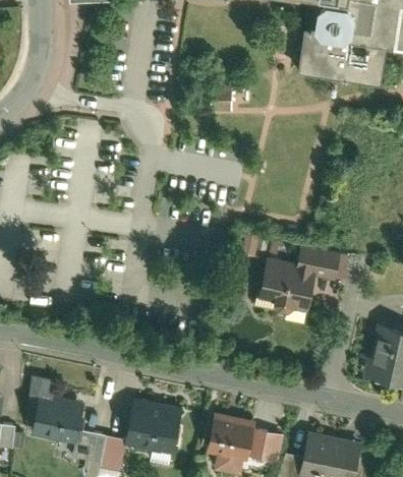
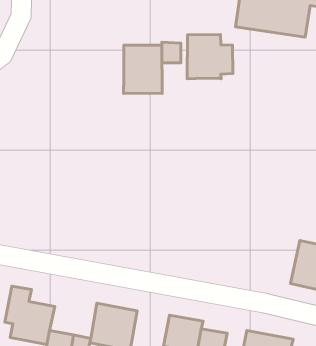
building: none -> [187,35,233,79]
building: none -> [124,45,162,93]
building: [257,248,339,312] -> none

